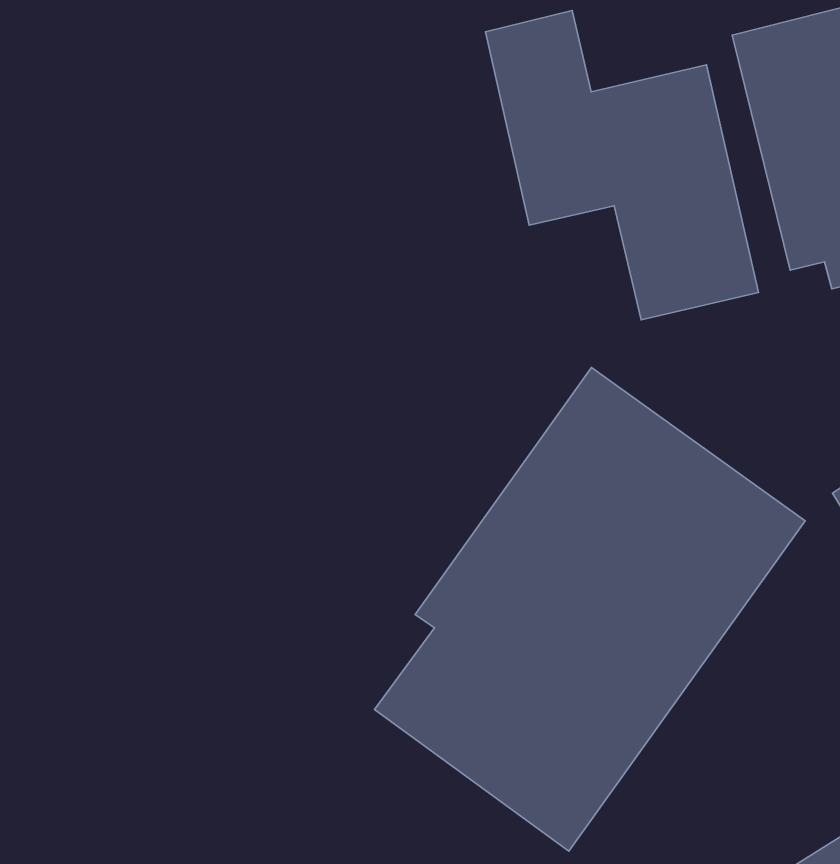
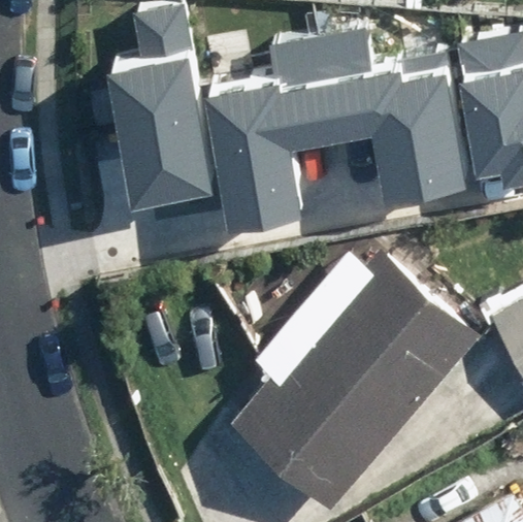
building: none -> [107,19,209,220]
building: none -> [210,39,335,232]

